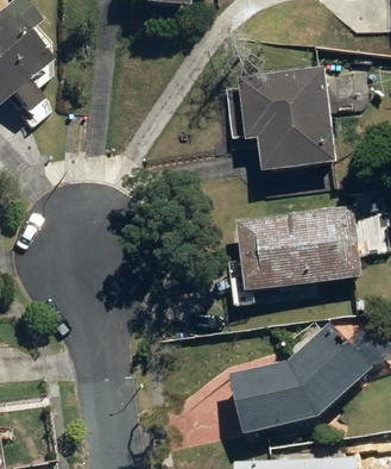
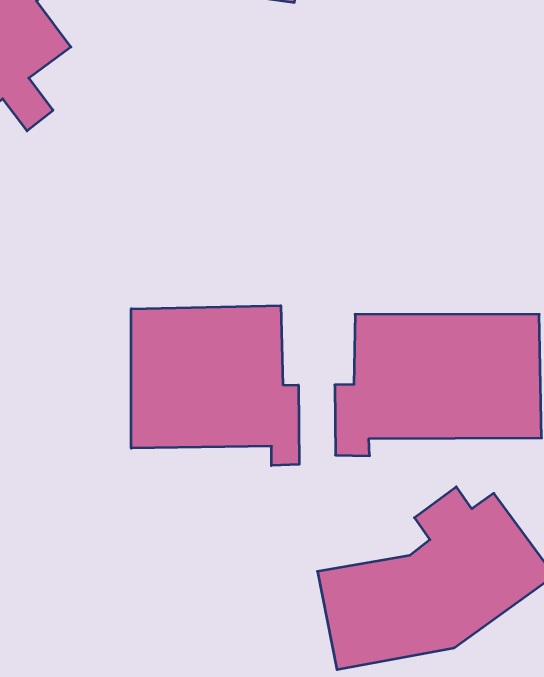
building: [228,63,335,169] -> none
building: none -> [131,306,299,466]

